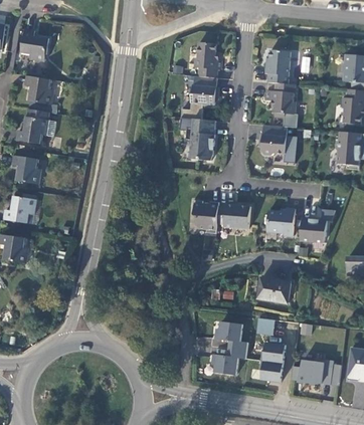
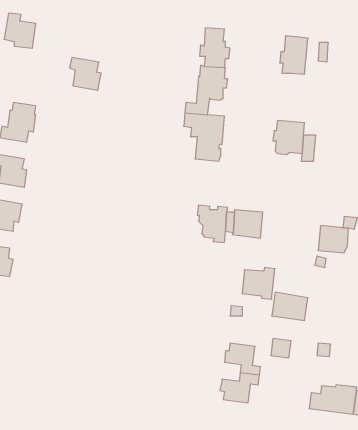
building: [25,75,53,104] -> [70,58,101,90]
building: [265,82,297,117] -> none
building: [266,208,296,236] -> [242,268,275,299]
building: [260,343,287,383] -> none

